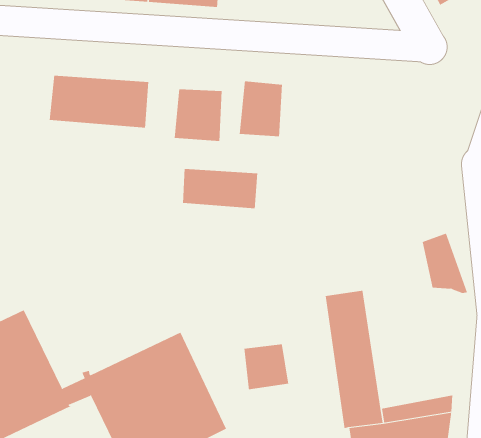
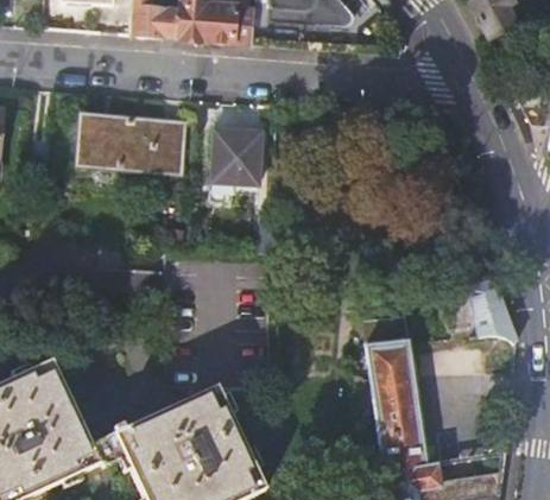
building: [239,80,283,137] -> none
building: [183,168,258,209] -> none
building: [244,343,289,390] -> none

